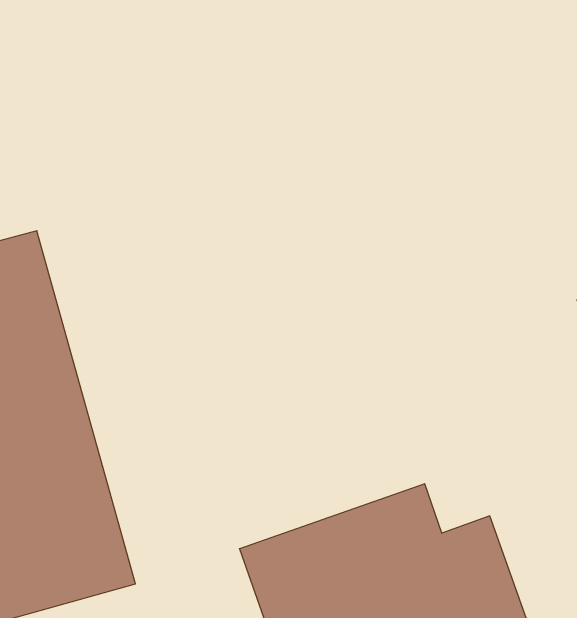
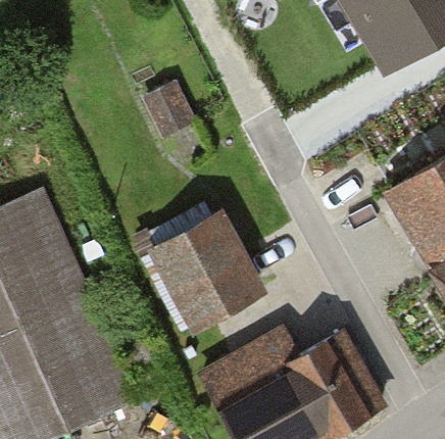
building: none -> [141,214,261,334]

